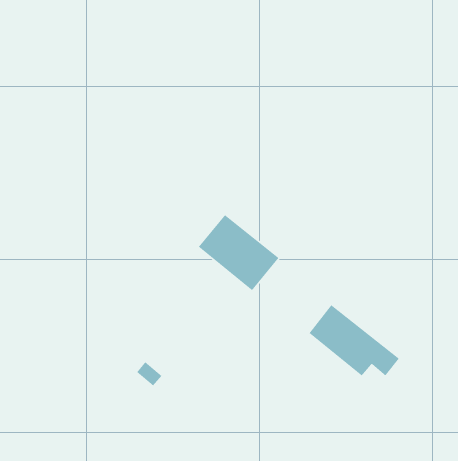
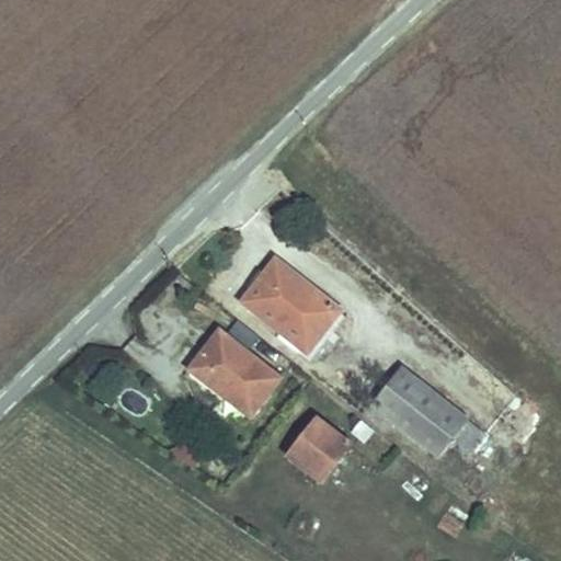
building: none -> [190,330,277,413]
building: none -> [288,420,347,480]

